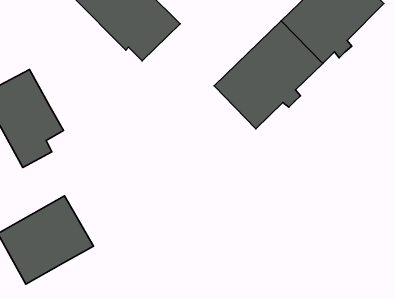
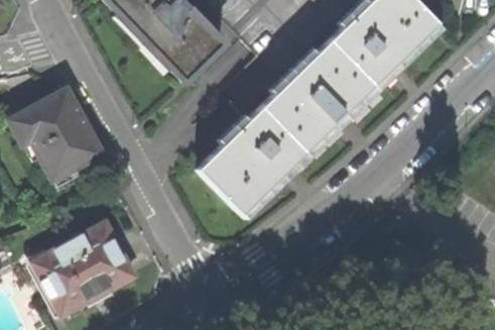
building: none -> [199,106,304,212]

